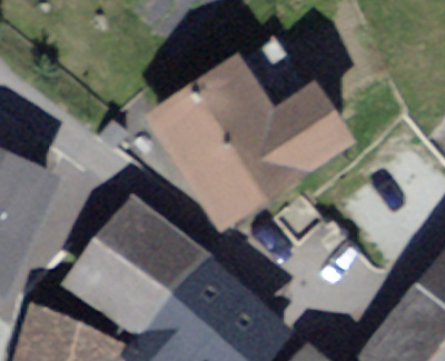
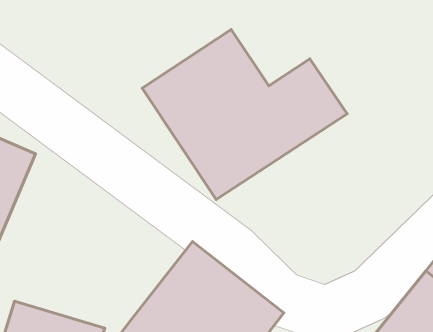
building: [71,207,198,333] -> none

